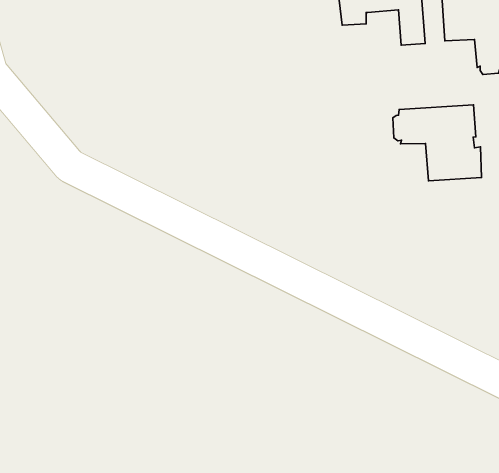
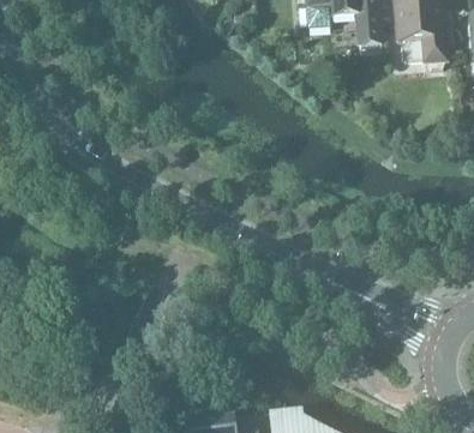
building: [393,105,482,181] -> none

